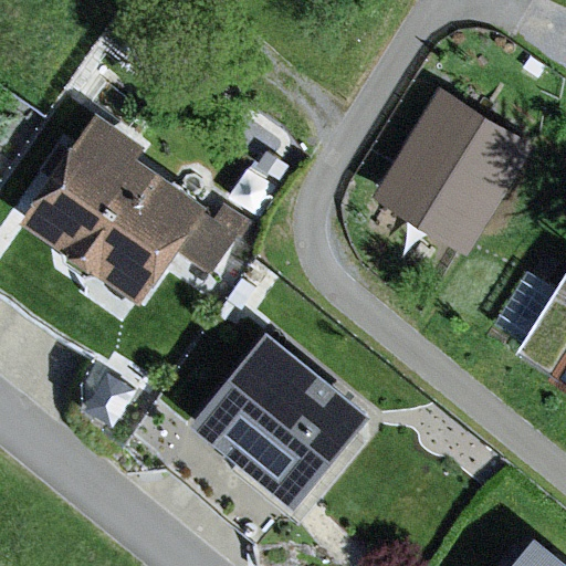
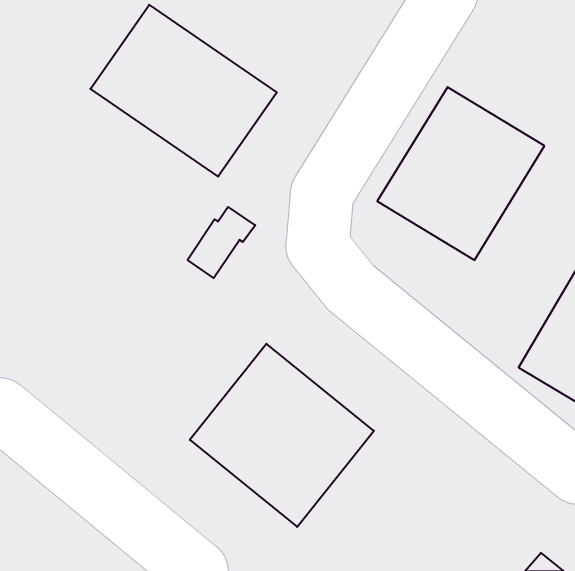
building: none -> [90,5,277,177]
building: [19,114,207,306] -> none

